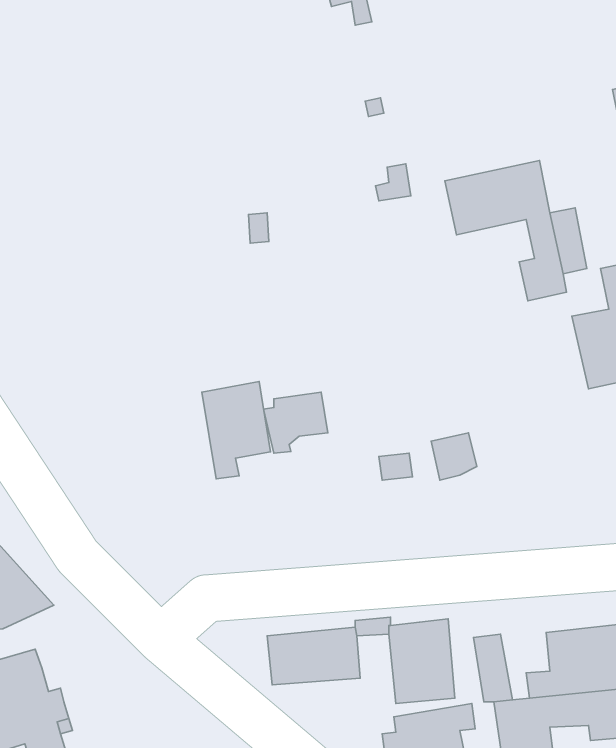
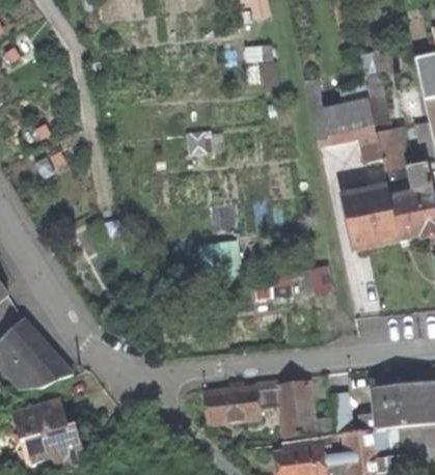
building: none -> [343,184,400,249]
building: [202,381,270,479] -> none

